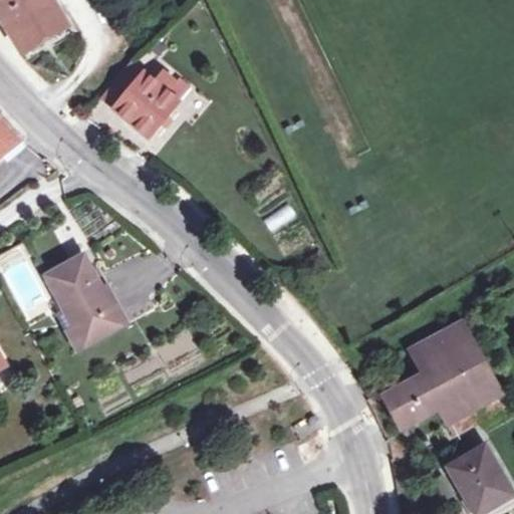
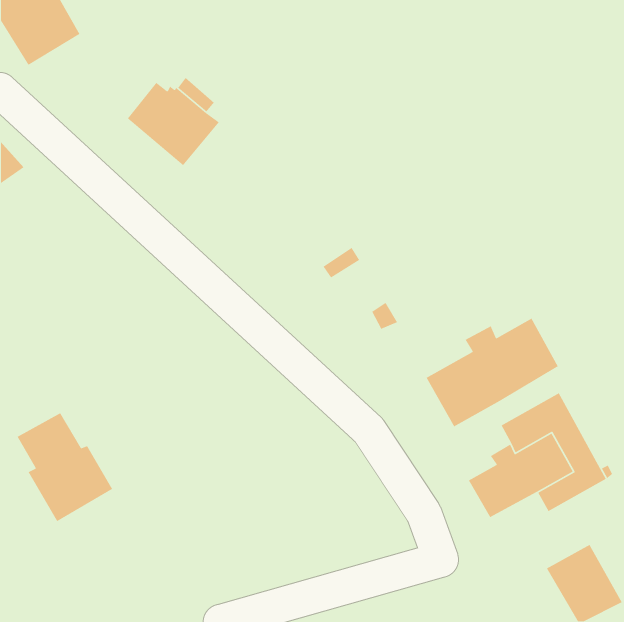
building: [47,258,126,348] -> [17,412,113,522]
building: none -> [426,318,559,427]

